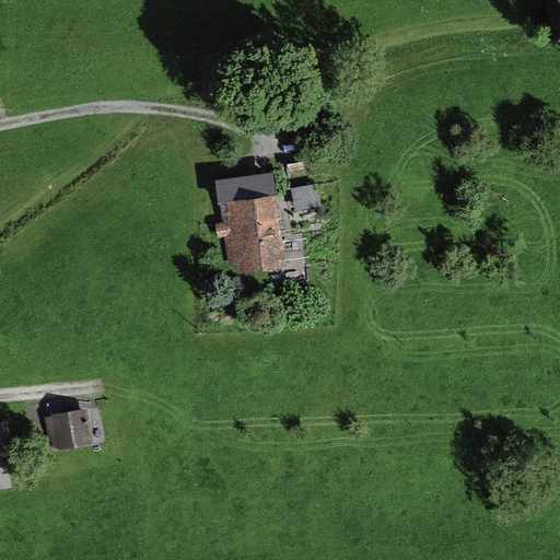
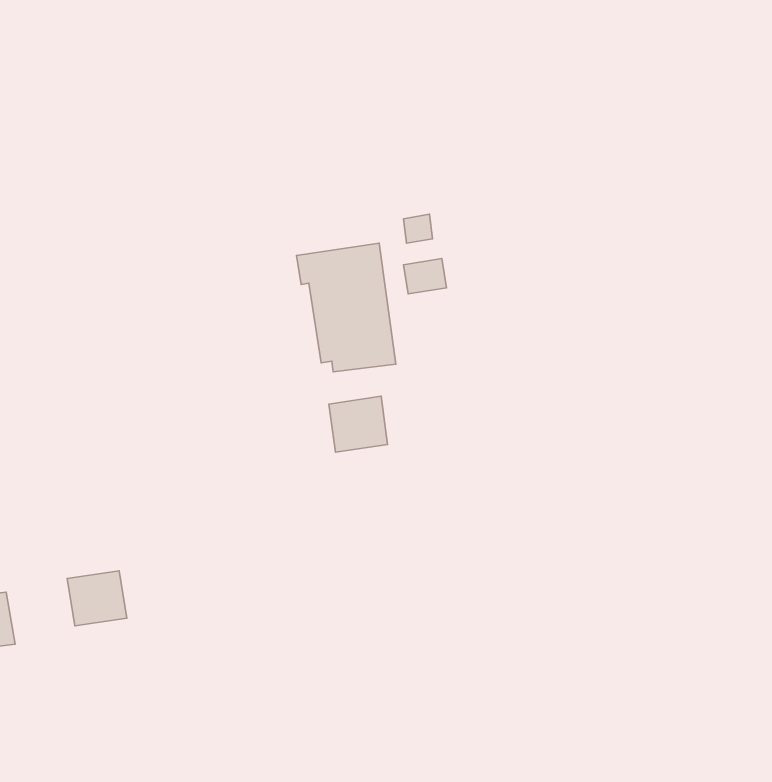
building: none -> [329,396,388,452]

